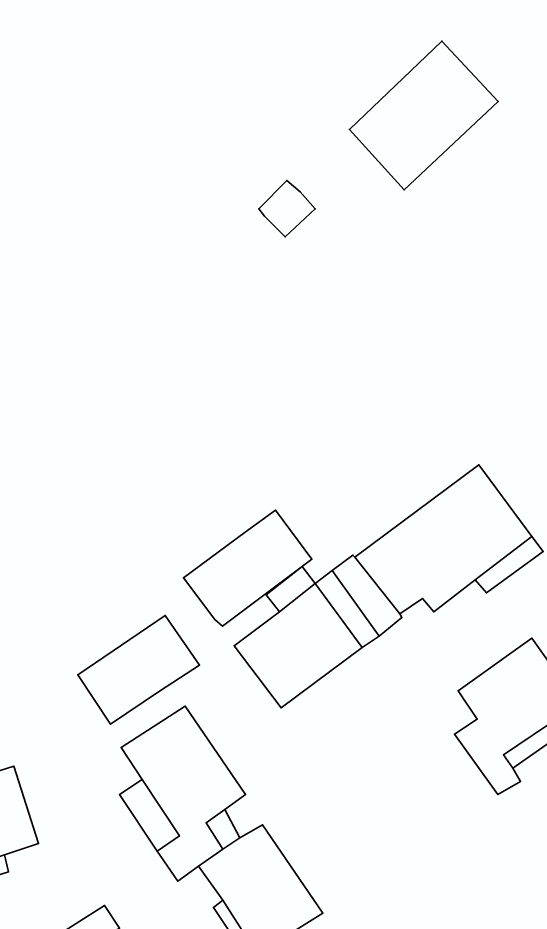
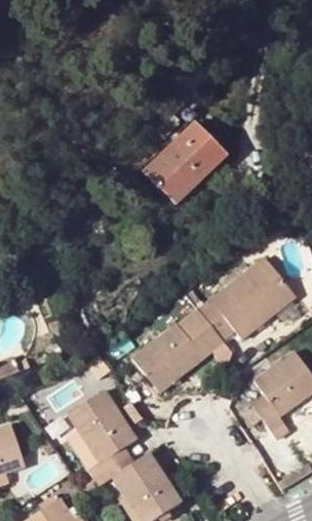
building: [350,41,498,190] -> [143,123,224,204]
building: [183,510,312,626] -> none
building: [78,615,199,724] -> none

